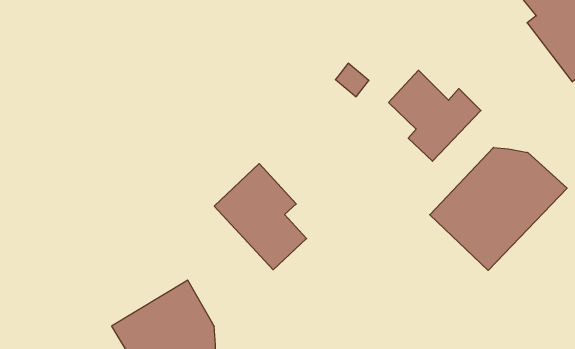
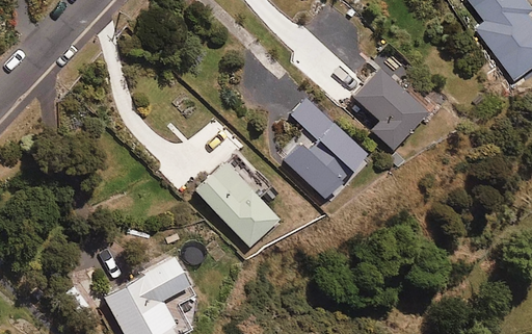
building: none -> [284,99,367,199]
building: [430,147,567,270] -> none

